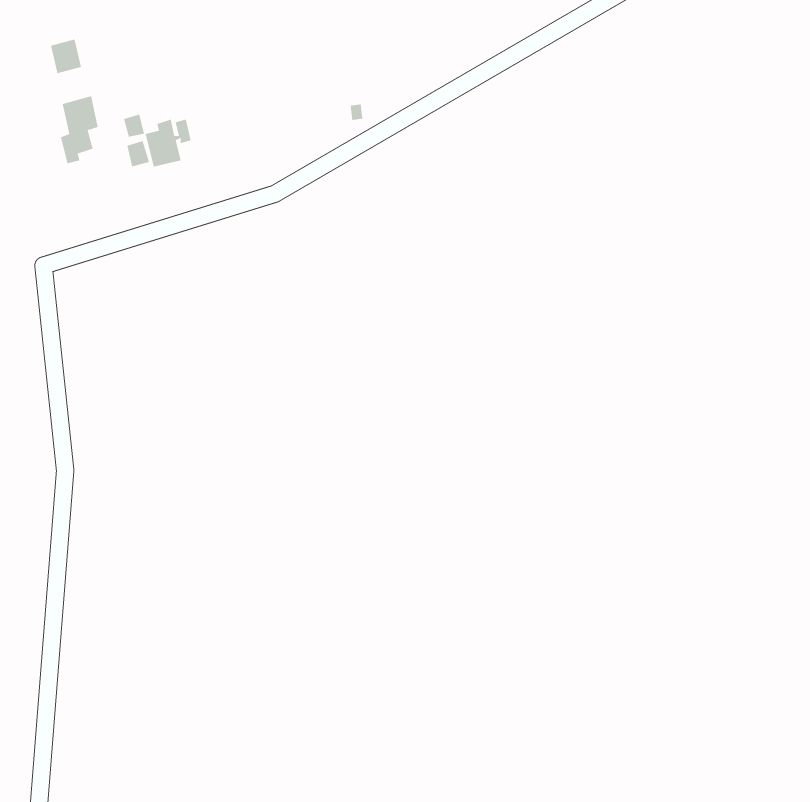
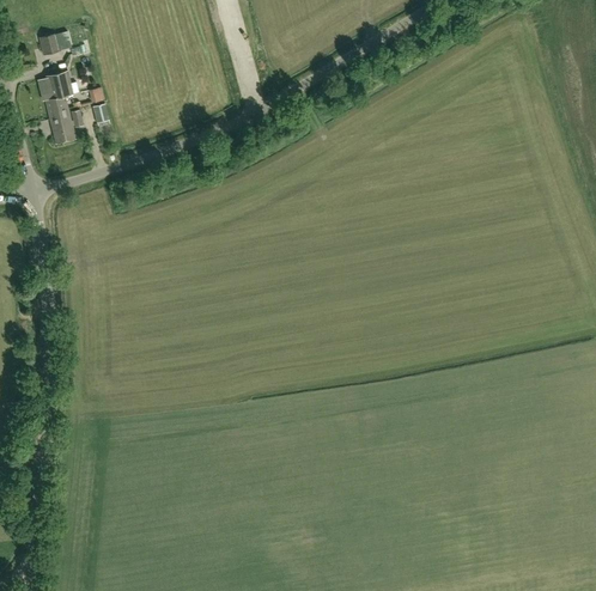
building: [145,119,192,167] -> [49,110,83,145]

